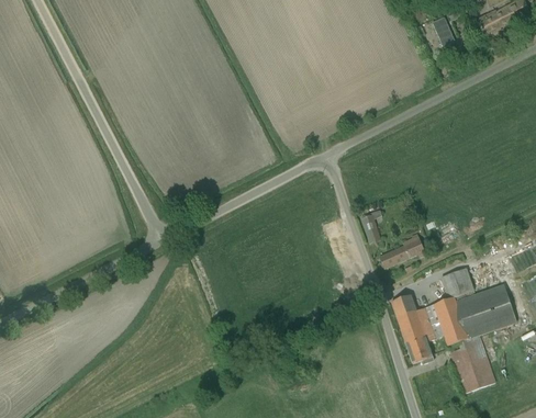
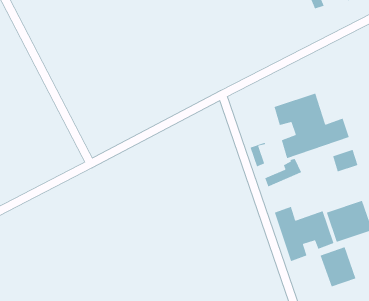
building: none -> [273,93,350,159]
building: [439,267,472,296] -> [332,149,358,172]

